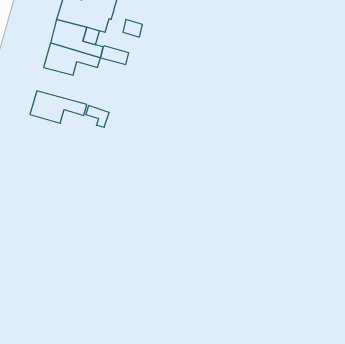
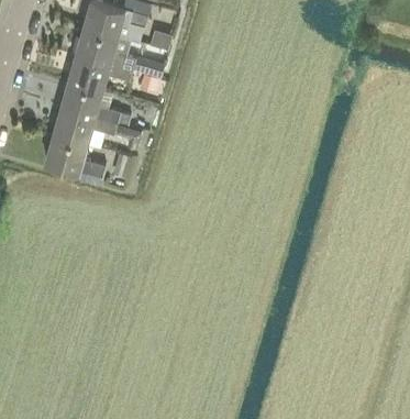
building: none -> [60,82,120,124]
building: none -> [45,135,104,187]

